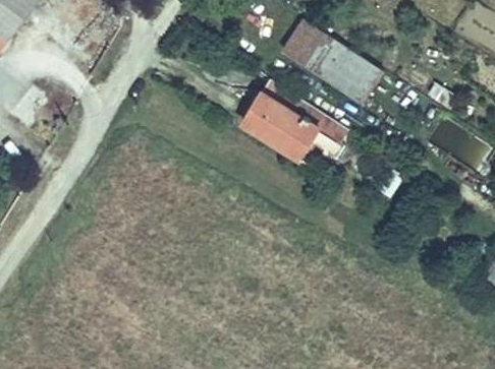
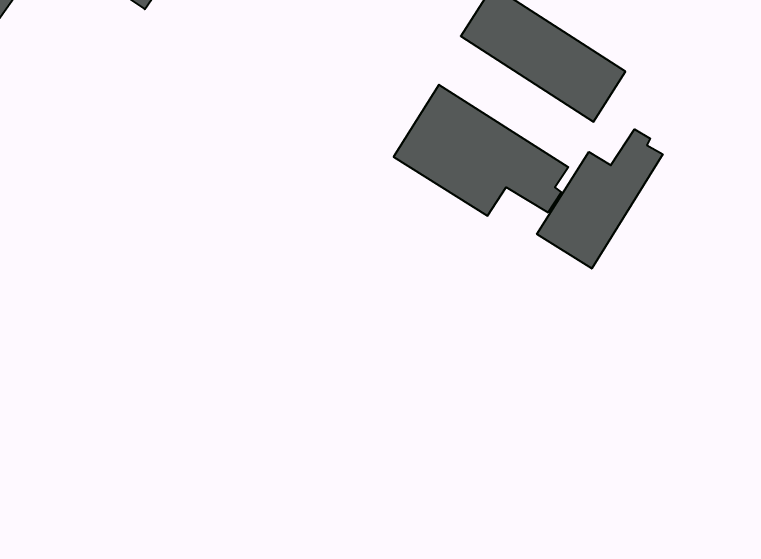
building: none -> [537,129,663,269]

